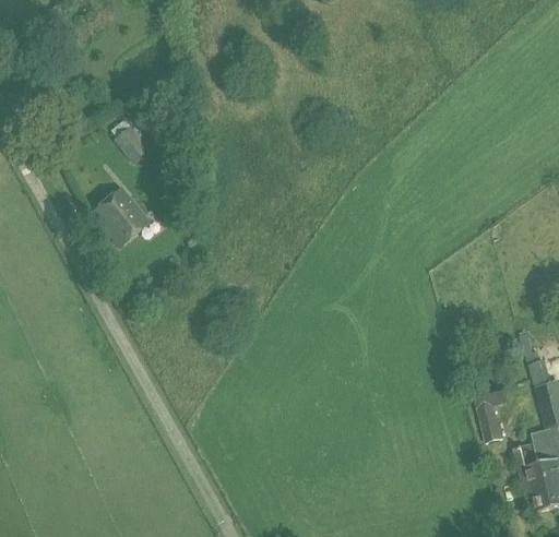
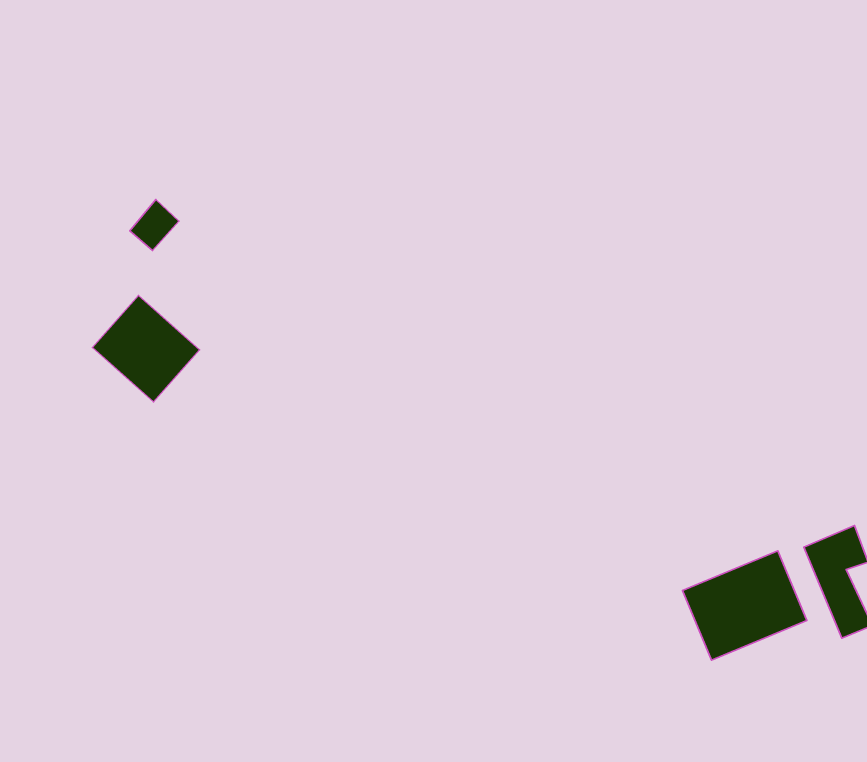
building: none -> [682,551,807,660]

